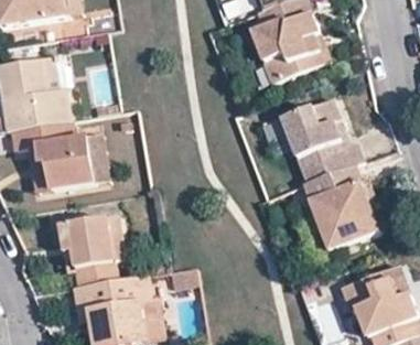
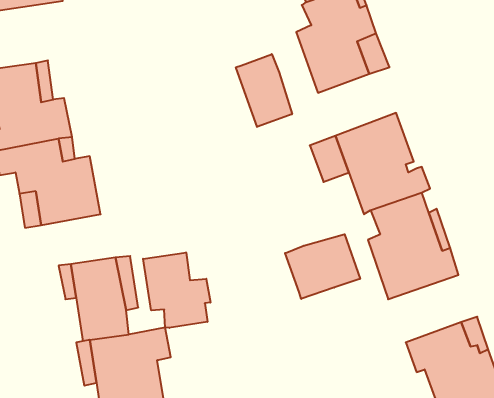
building: none -> [236,54,292,127]
building: none -> [285,234,360,299]
building: none -> [143,252,210,328]

